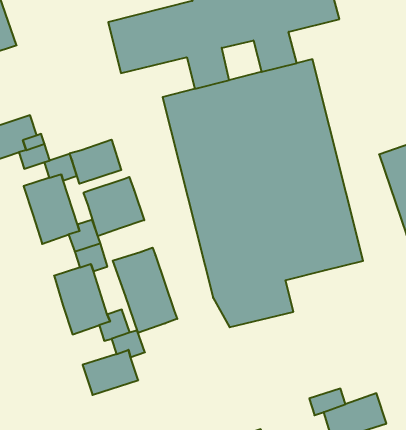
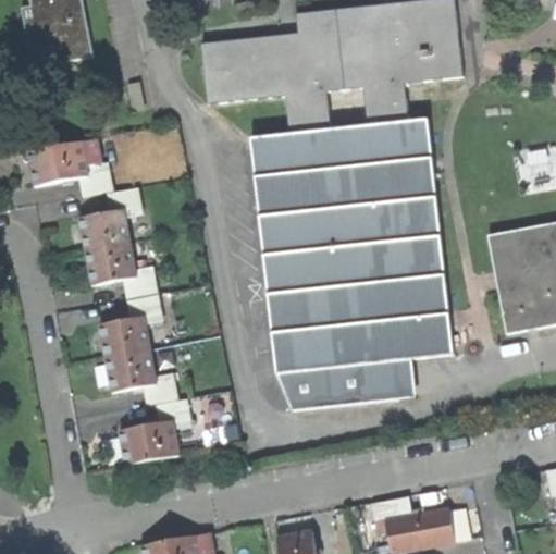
building: [70,140,121,184] -> none
building: [84,177,144,236] -> none
building: [113,248,177,333] -> none
building: none -> [362,358,413,401]

